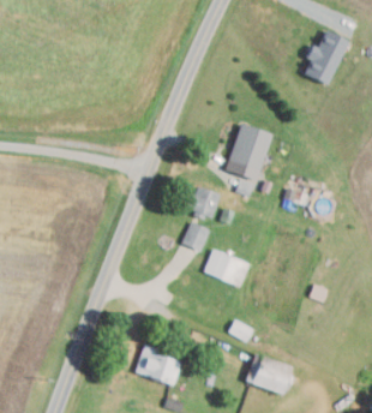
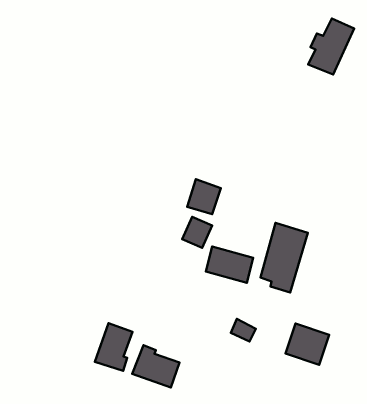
building: [226,122,271,190] -> [260,223,308,293]
building: none -> [95,323,132,371]
building: [247,354,289,394] -> [286,324,329,365]

